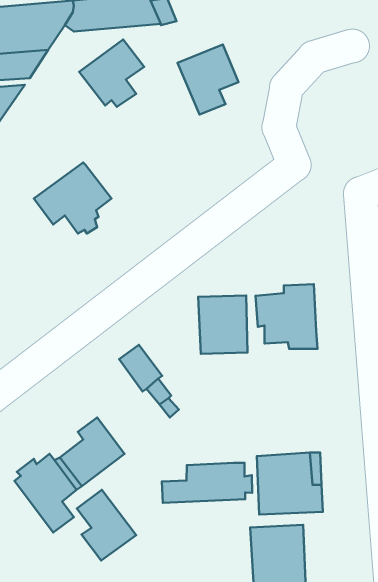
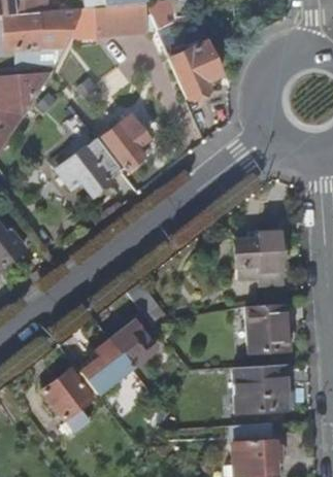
building: [79,39,144,107] -> [99,112,151,166]
building: [198,296,247,354] -> [246,307,286,353]
building: none -> [108,321,153,368]
building: [162,463,252,503] -> none
building: [77,490,136,561] -> none

